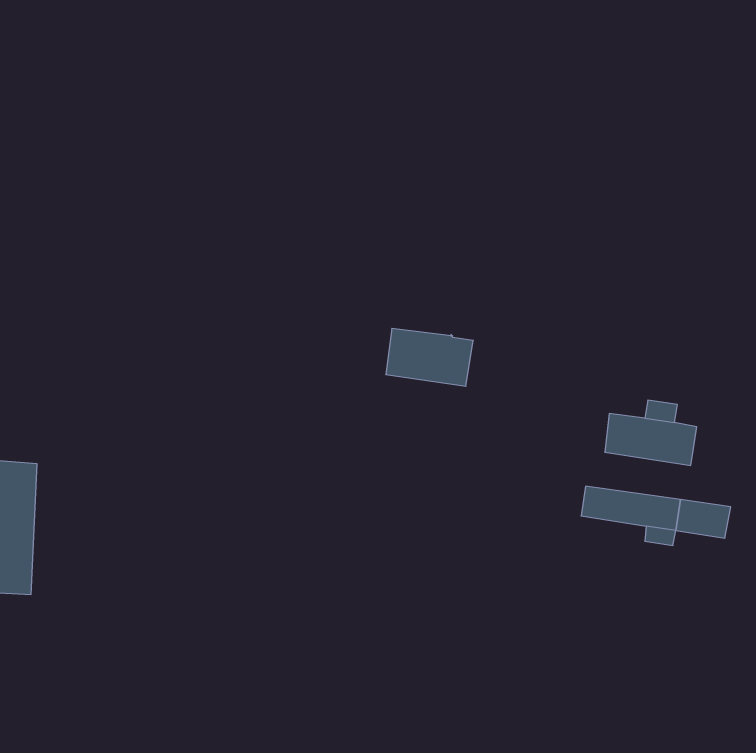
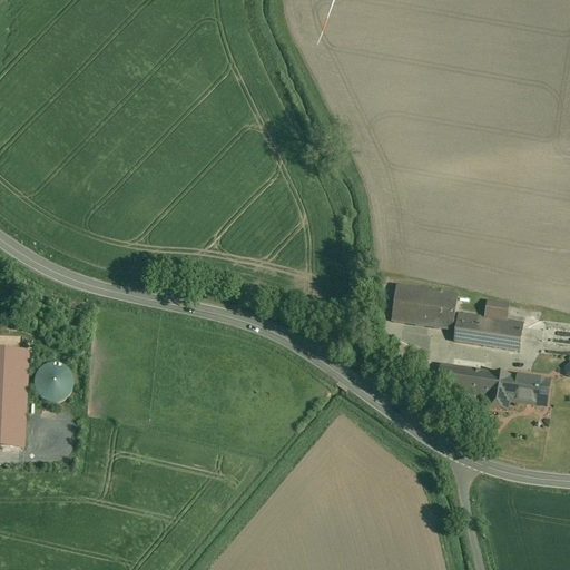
building: [386,329,473,386] -> [392,285,458,328]
building: none -> [32,361,72,401]

